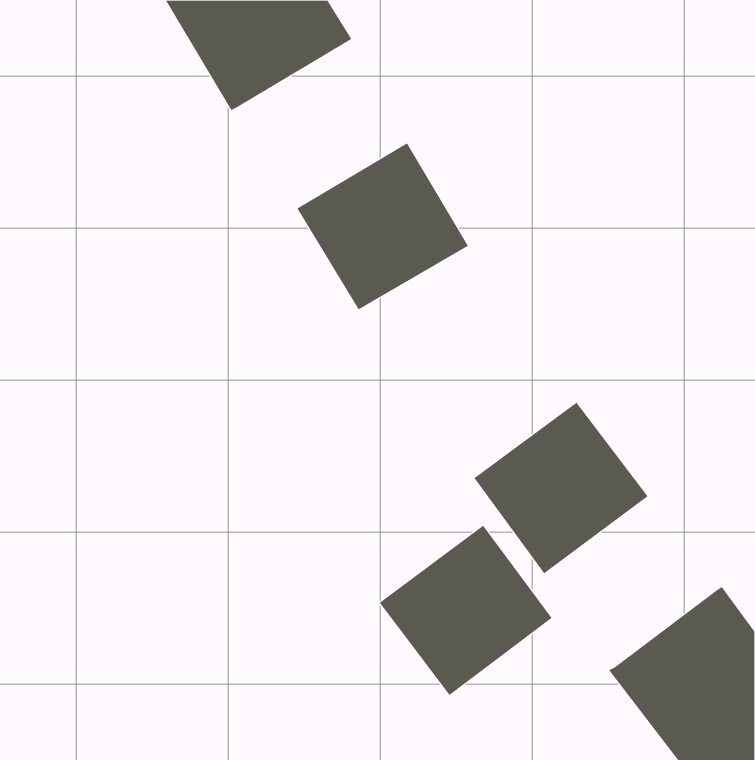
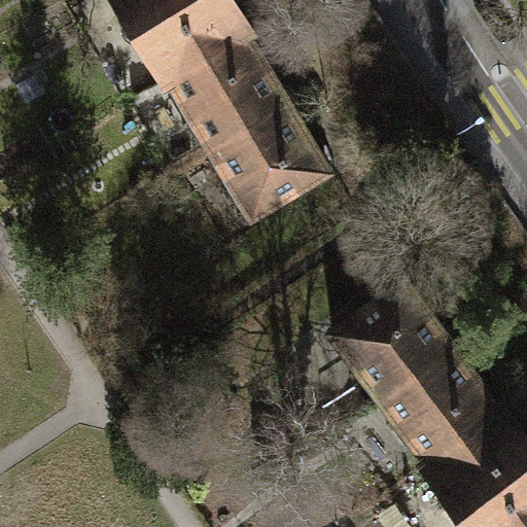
building: none -> [163,33,280,147]
building: [379,525,552,696] -> [374,345,493,462]

